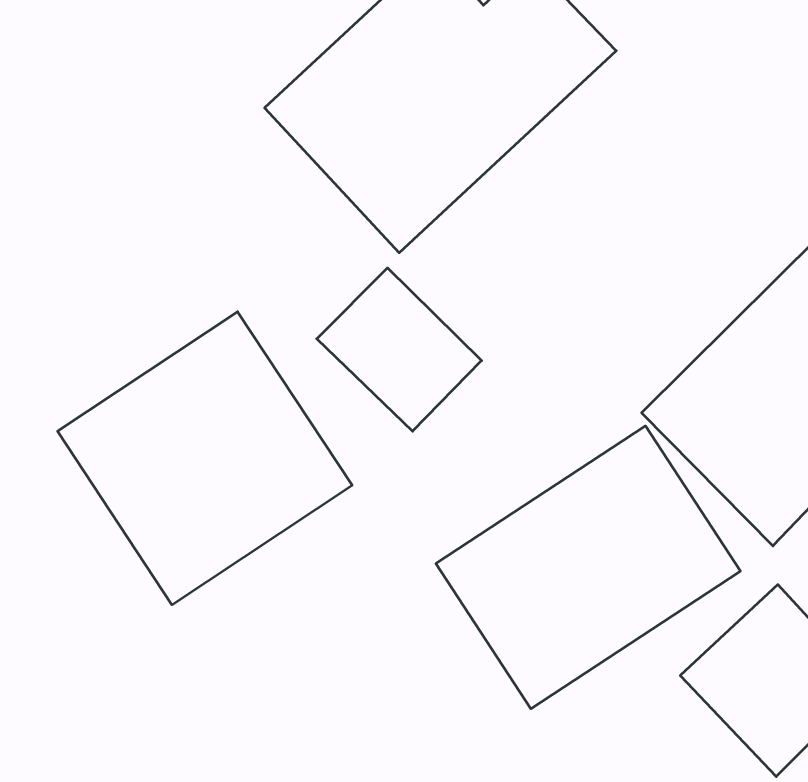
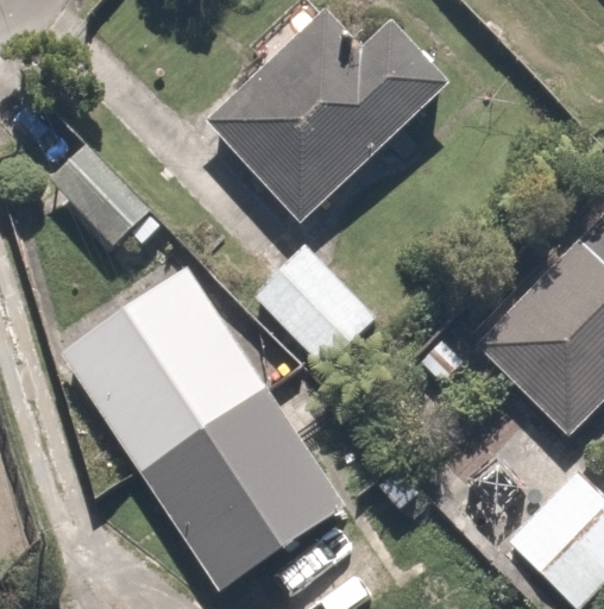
building: [436,426,740,709] -> none
building: none -> [141,389,347,592]

